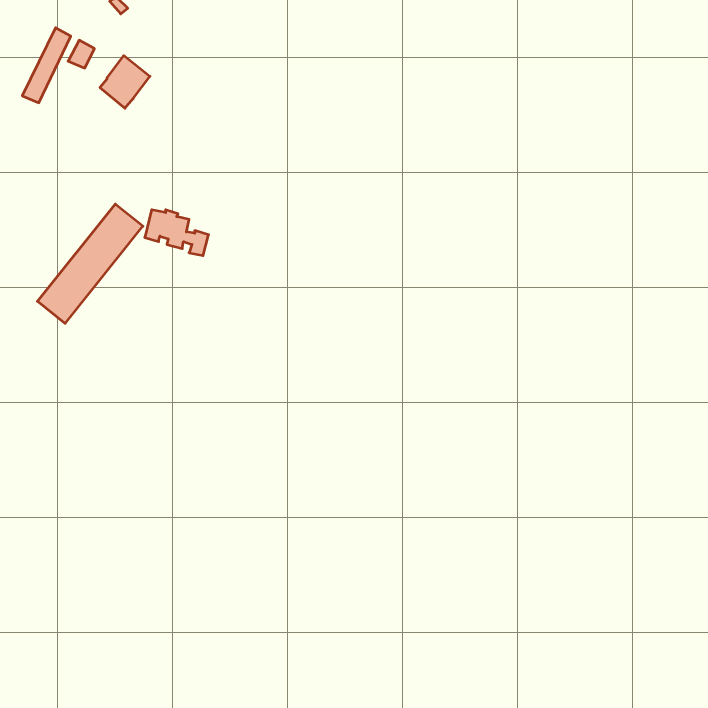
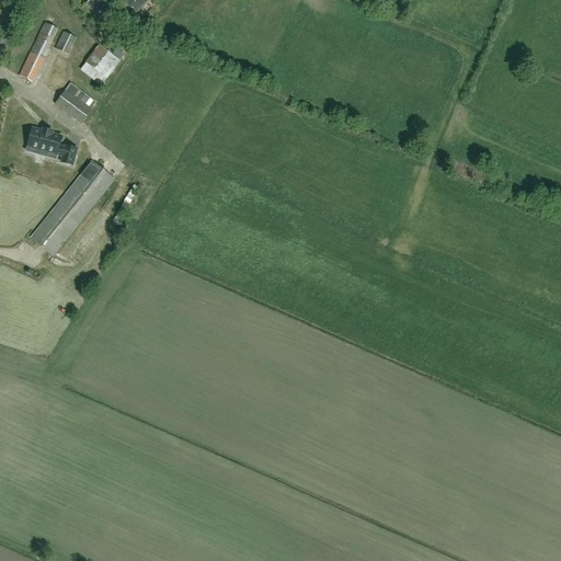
building: none -> [54,82,94,123]
building: [145,210,209,256] -> [25,128,76,164]

